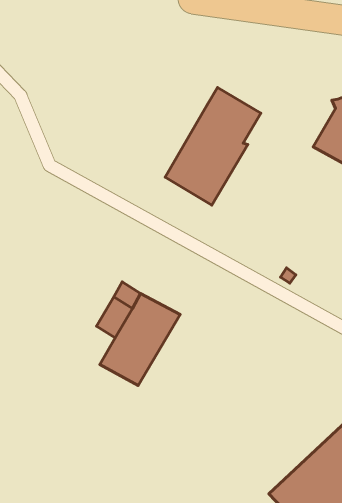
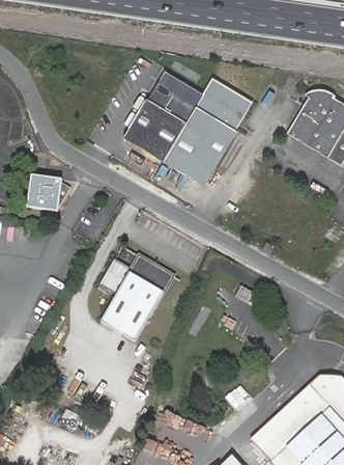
building: none -> [117,72,196,159]
building: none -> [29,175,71,212]

